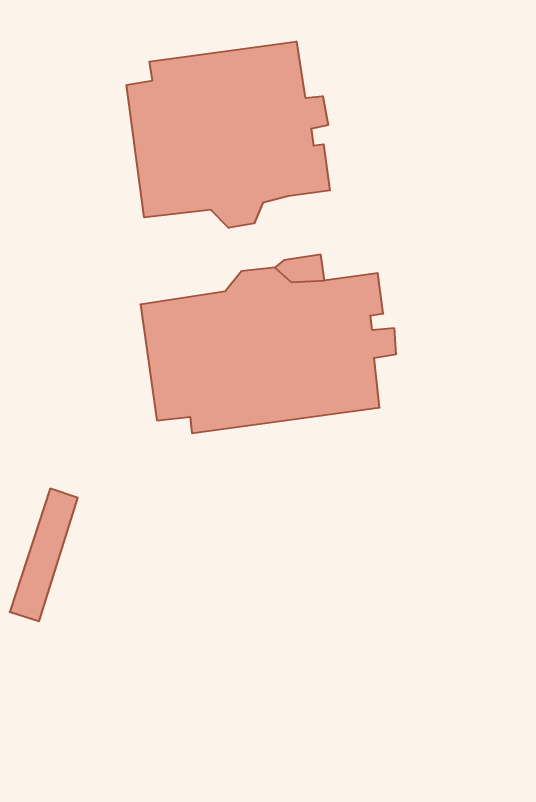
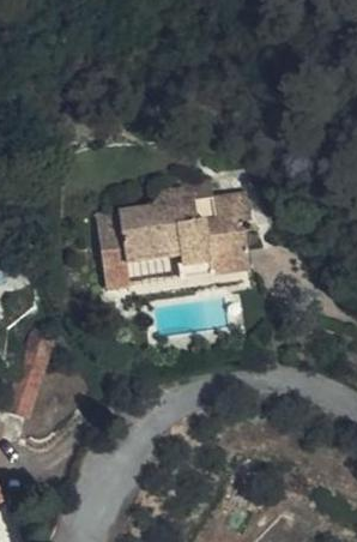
building: [127,41,330,228] -> none

